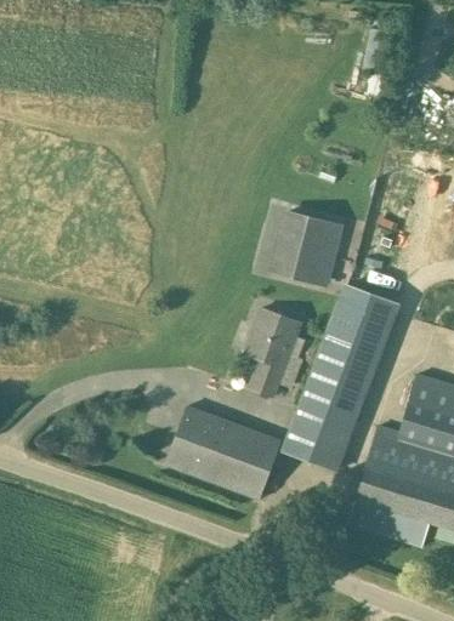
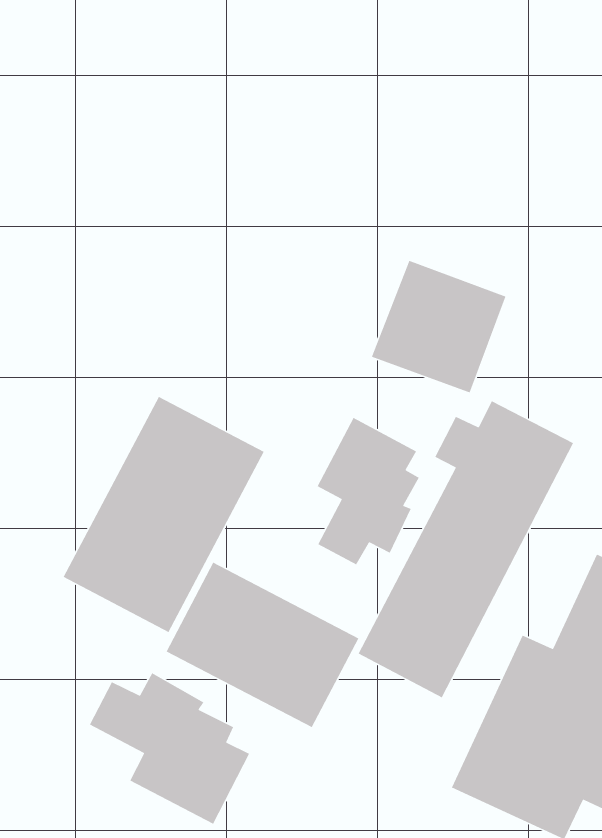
building: none -> [63,396,265,633]
building: none -> [89,672,250,825]

